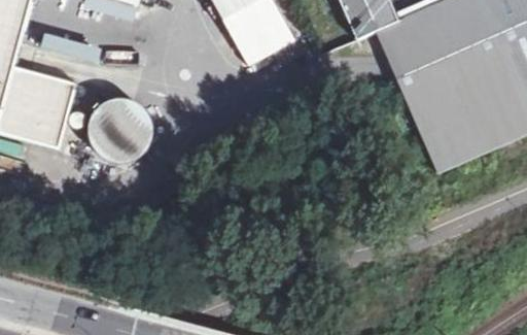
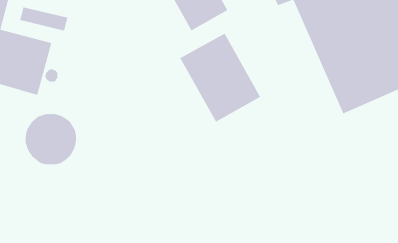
building: none -> [180,33,261,122]
building: [91,100,154,163] -> [25,114,77,165]

